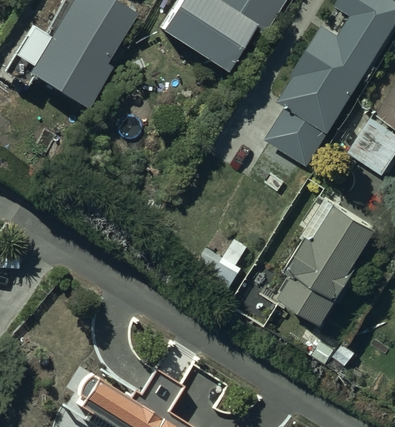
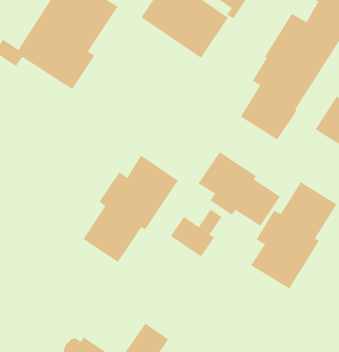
building: none -> [198,151,281,227]
building: none -> [82,155,179,263]

